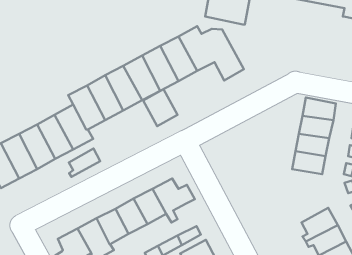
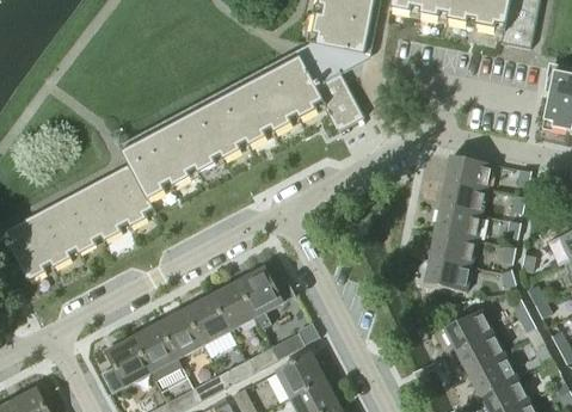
building: [143,89,177,126] -> none
building: [69,149,100,177] -> none
building: none -> [424,253,472,290]

